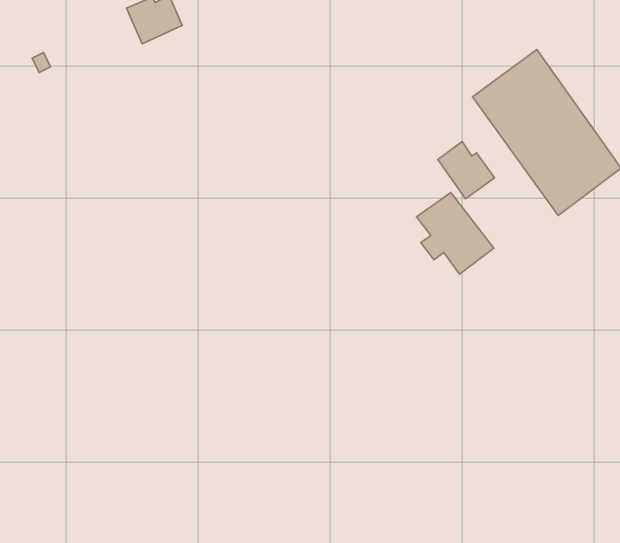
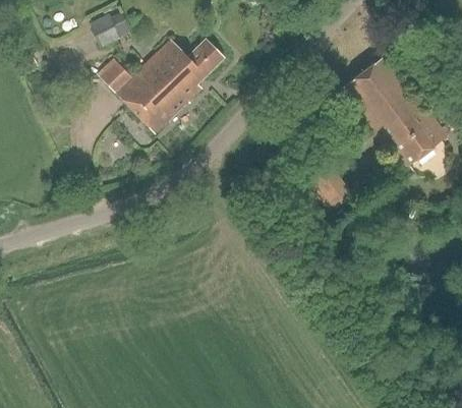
building: none -> [102,39,226,132]
building: [438,142,495,199] -> none

